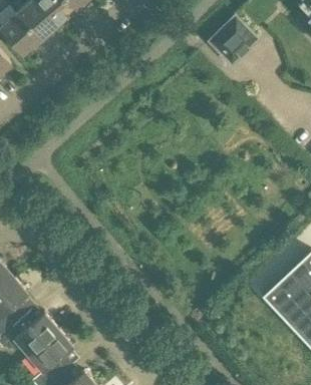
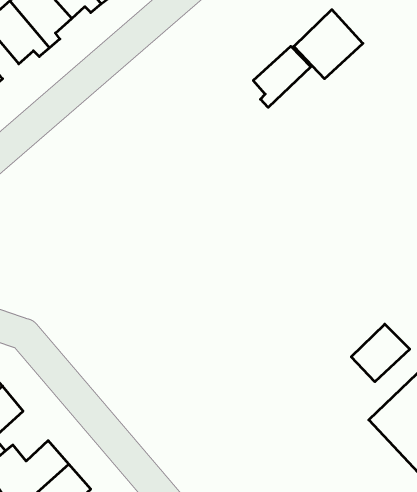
building: none -> [253,46,311,107]
building: none -> [351,324,410,382]

